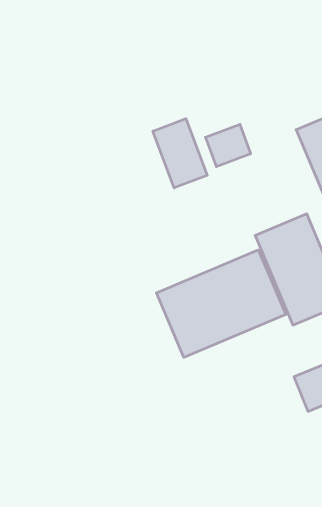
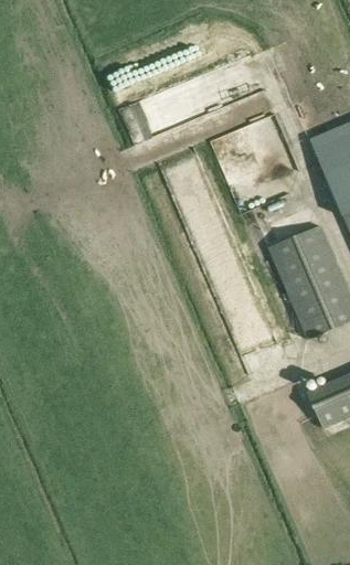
building: [153,119,207,188] -> none
building: [156,250,286,357] -> none

